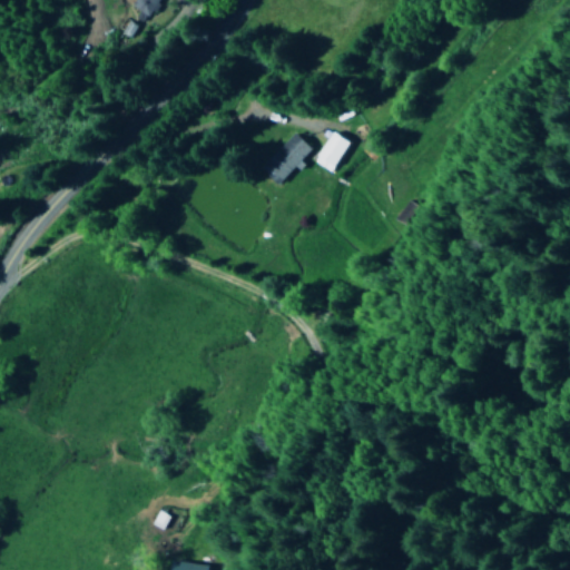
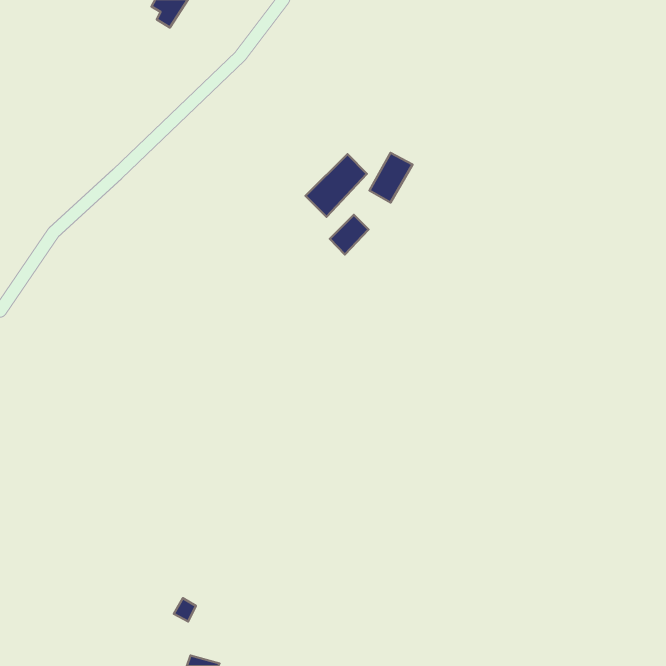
building: none -> [330,215,369,255]

